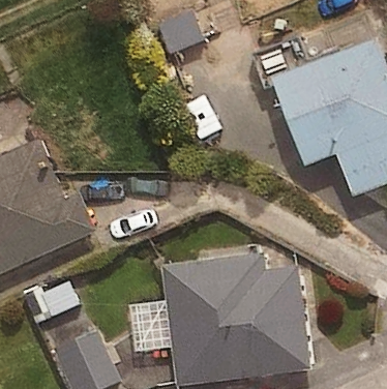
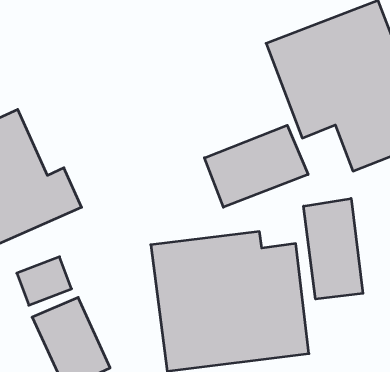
building: none -> [204,125,308,207]
building: none -> [304,198,363,299]

